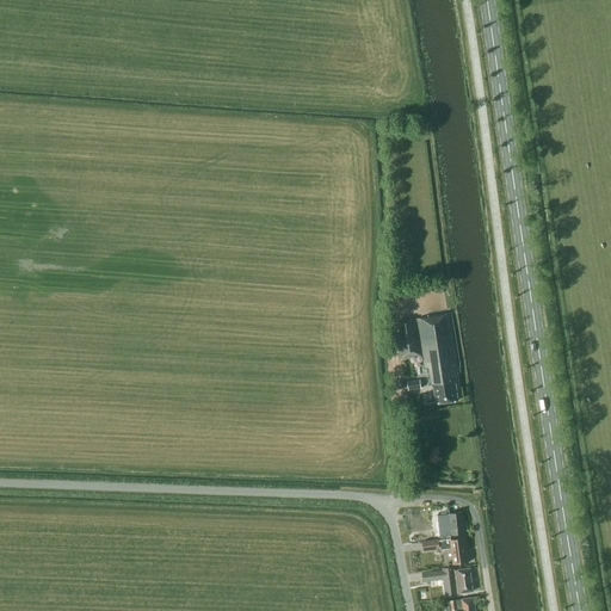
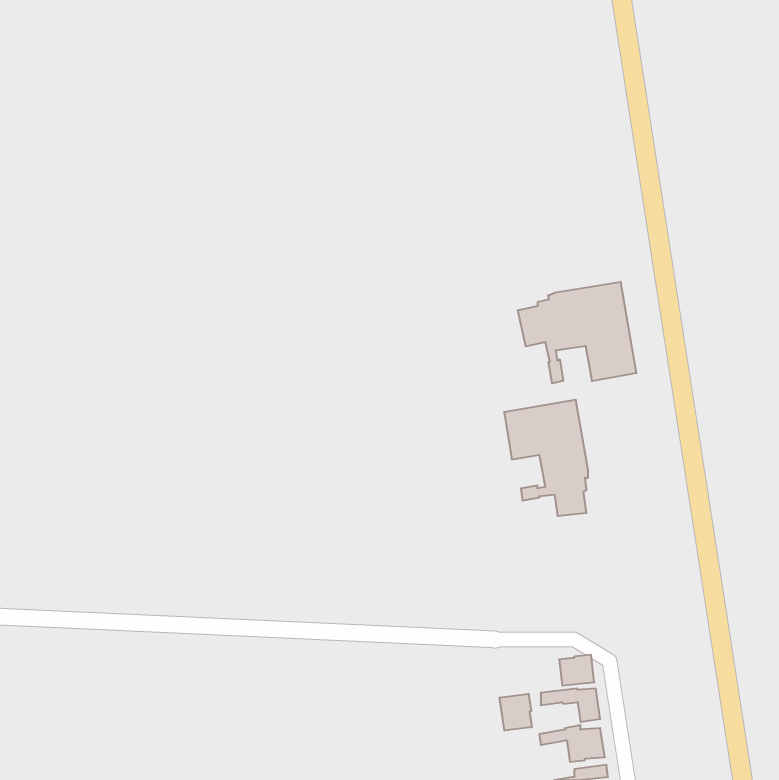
building: none -> [518,282,636,383]
building: none -> [500,694,532,731]

